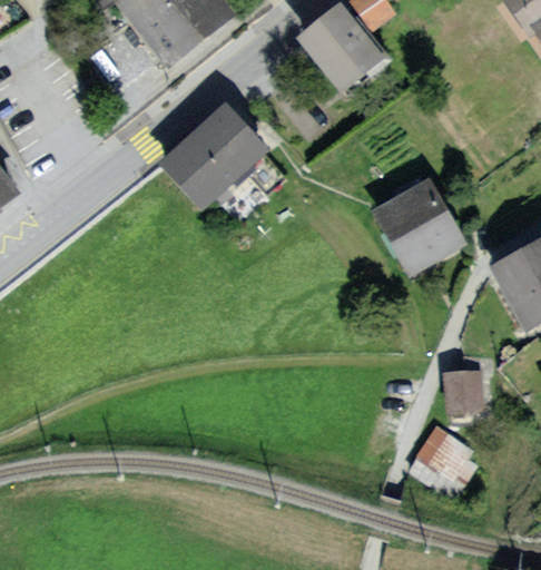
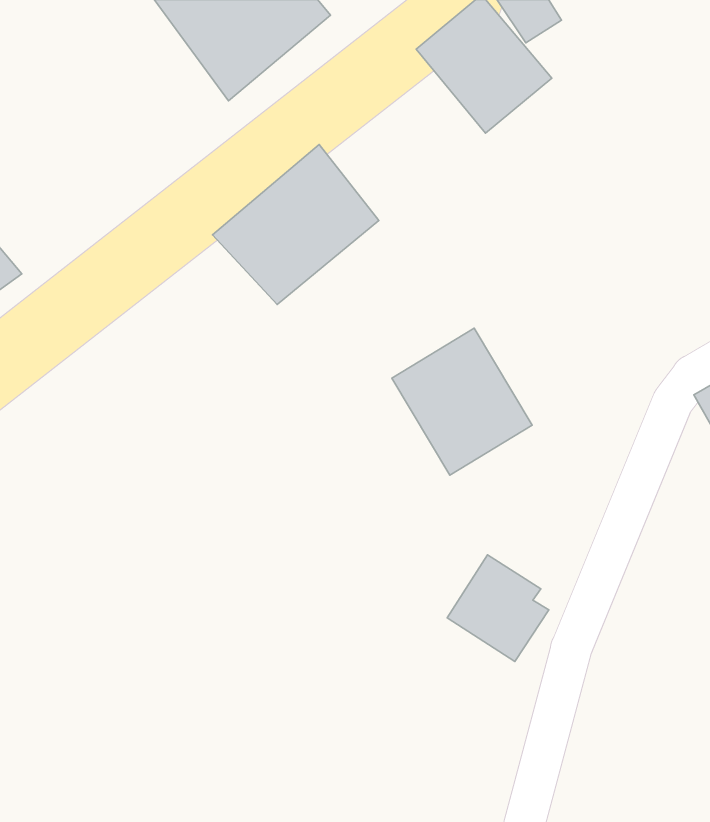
building: [371,176,468,277] -> [392,328,532,475]
building: [444,370,484,414] -> none
building: [409,428,479,501] -> [447,555,549,661]

